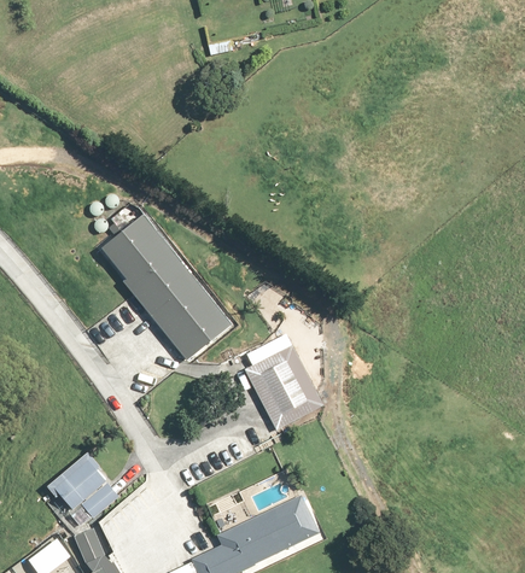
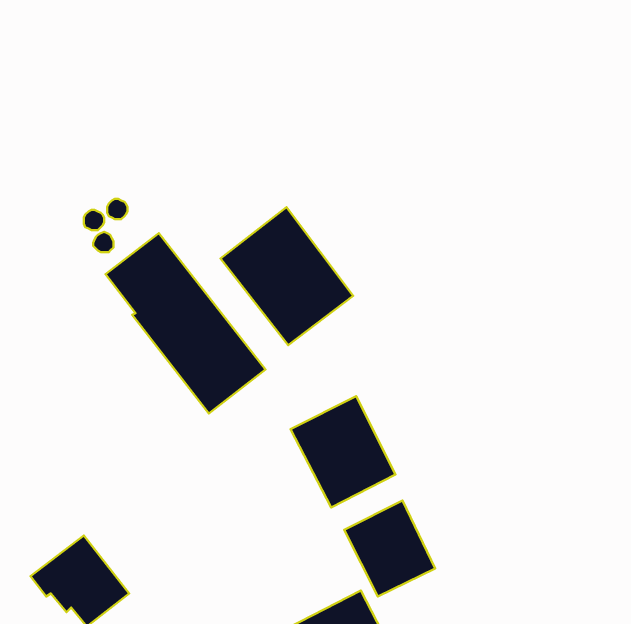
building: none -> [220,207,353,345]
building: none -> [344,501,435,597]

